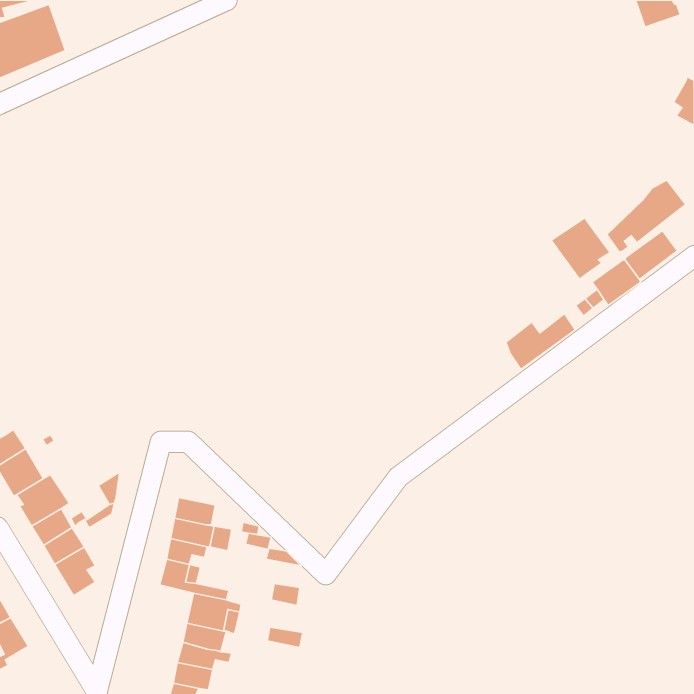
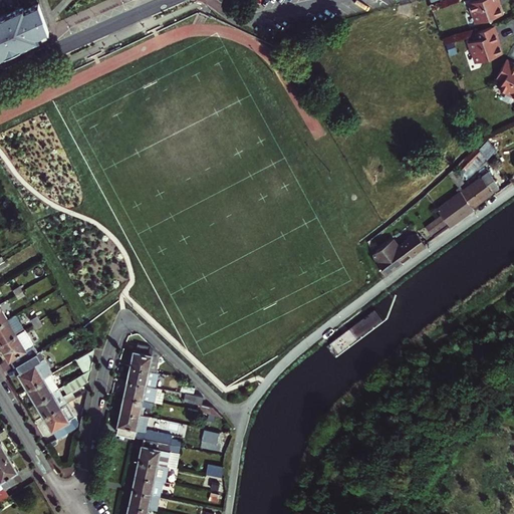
building: none -> [468,25,502,62]
building: [551,218,610,279] -> none
building: none -> [132,347,159,373]

